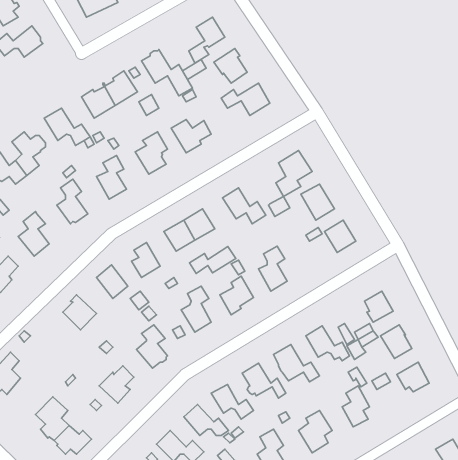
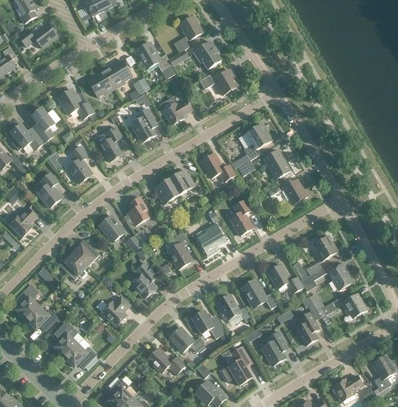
building: [190,246,236,273] -> none
building: none -> [58,253,86,280]
building: none -> [27,306,57,330]

